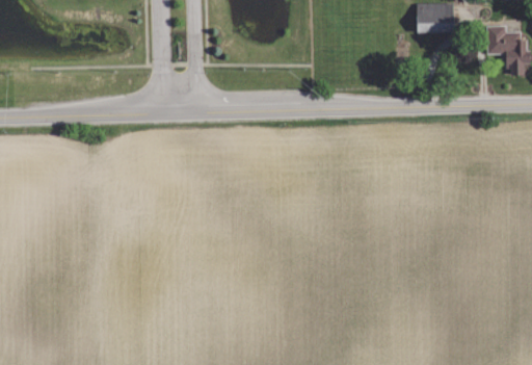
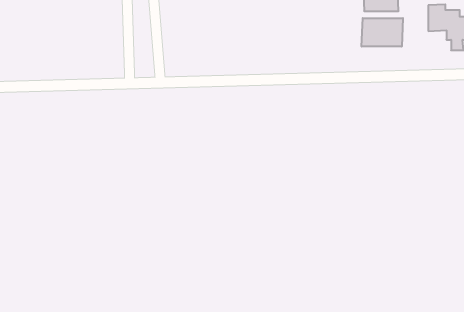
building: none -> [362,18,403,47]

